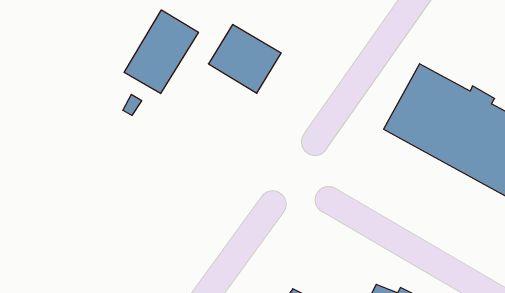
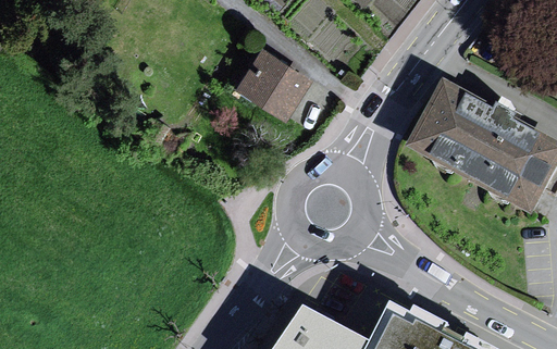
building: [124,10,198,94] -> none

